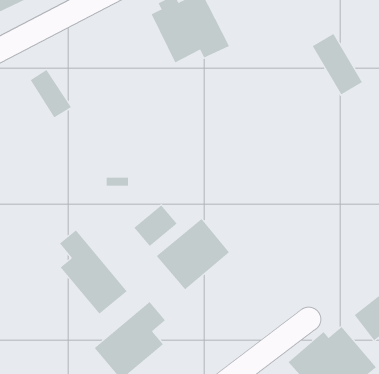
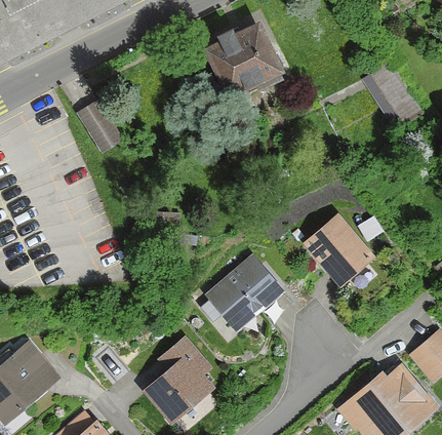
building: none -> [302,214,370,283]
building: [133,205,178,247] -> none
building: [59,229,128,315] -> none

